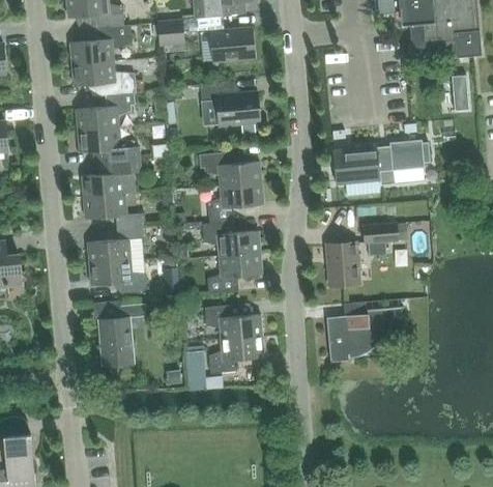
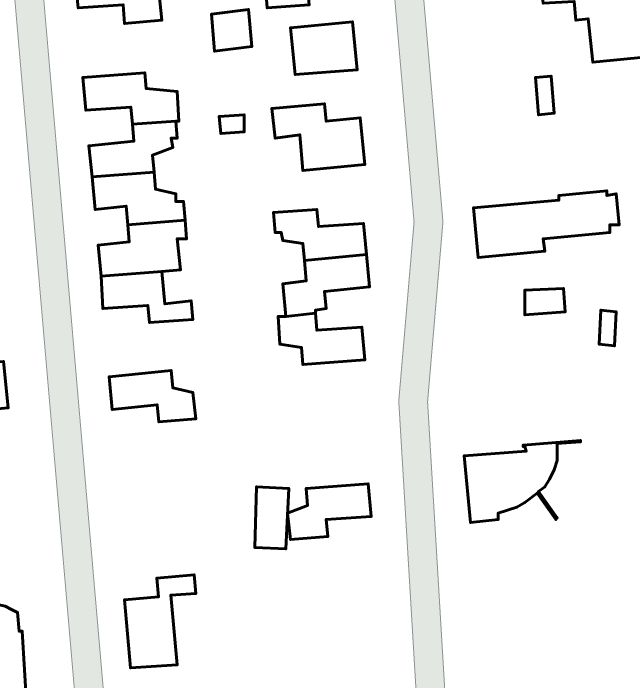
building: [70,25,132,64] -> none
building: [360,224,405,246] -> none
building: [87,226,146,264] -> none
building: [326,242,359,286] -> none
building: [207,253,262,293] -> none
building: [98,304,146,366] -> [124,575,196,668]
building: [204,306,262,339] -> none

